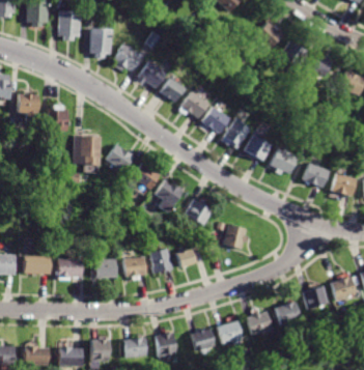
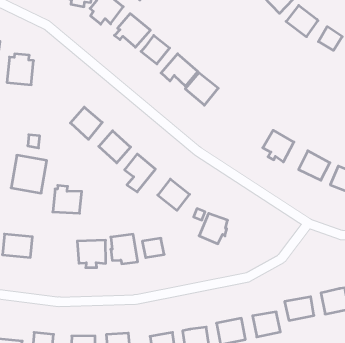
building: [223,118,249,147] -> none
building: [245,126,275,162] -> none
building: [73,134,101,164] -> [11,155,47,193]
building: [94,254,117,277] -> [53,185,82,213]

